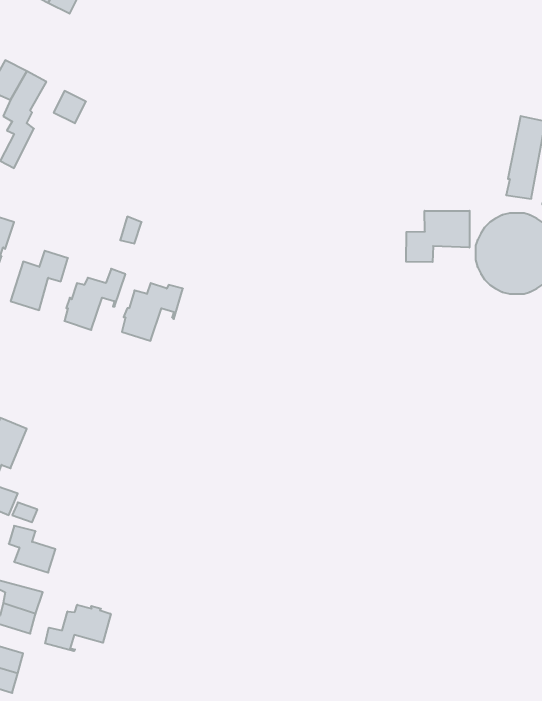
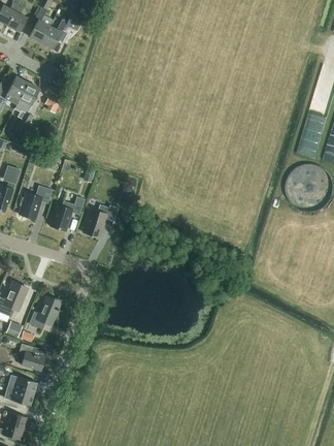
building: [406,211,470,262] -> none
building: none -> [29,296,60,329]
building: [45,605,111,651] -> none

